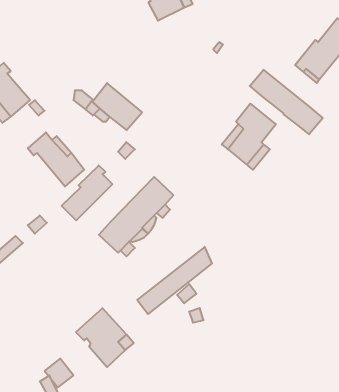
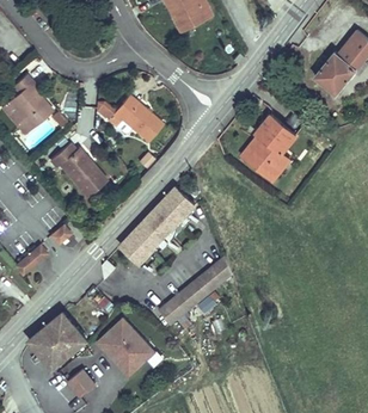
building: [250,70,323,134] -> none
building: [62,165,112,220] -> none
building: none -> [29,312,86,366]

